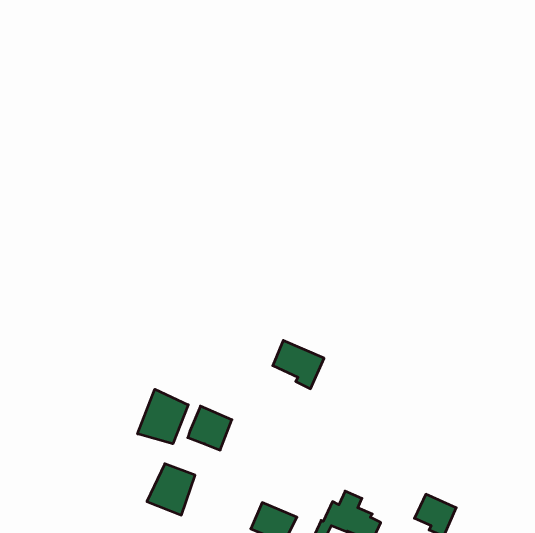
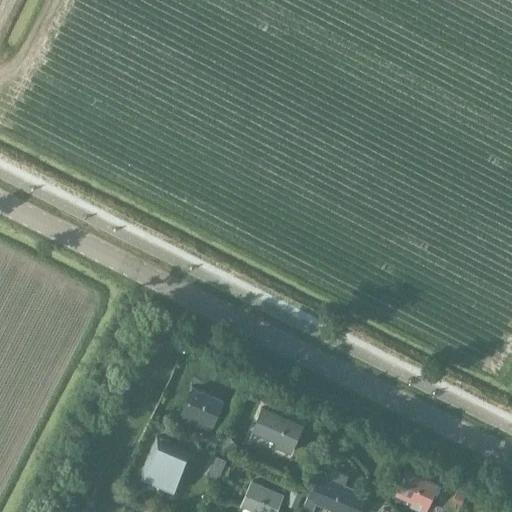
building: [273,340,324,389] -> [253,410,302,456]
building: [138,389,188,444] -> none

